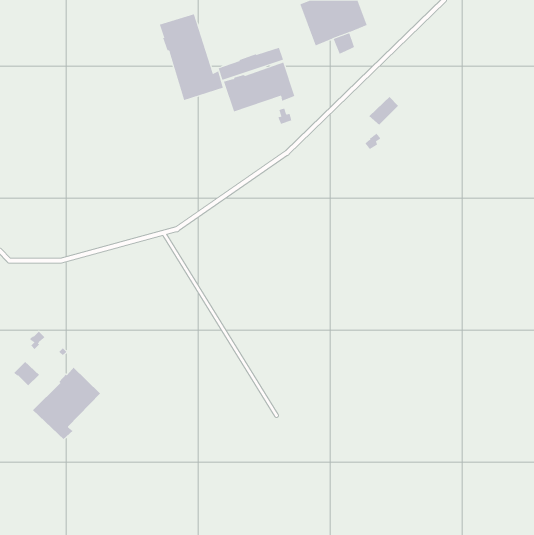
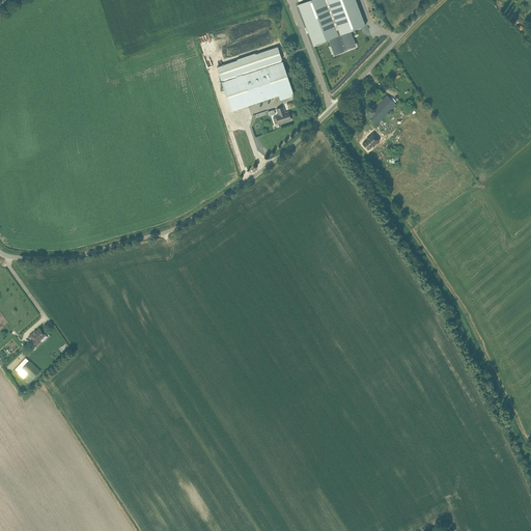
building: [159,14,223,101] -> none
building: [32,367,101,440] -> none

